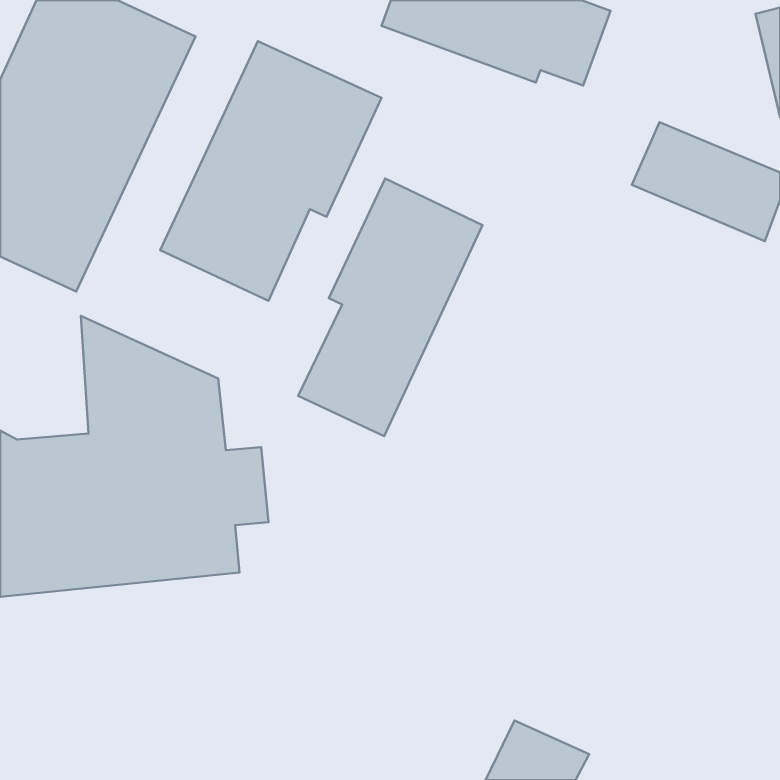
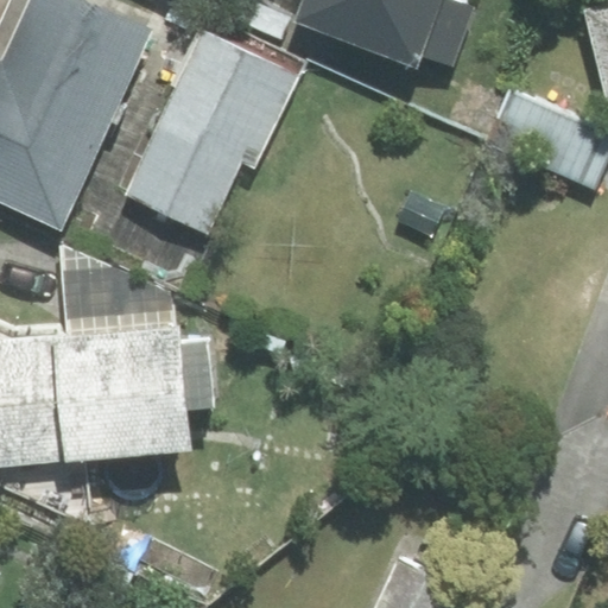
building: [298,179,483,436] -> none

